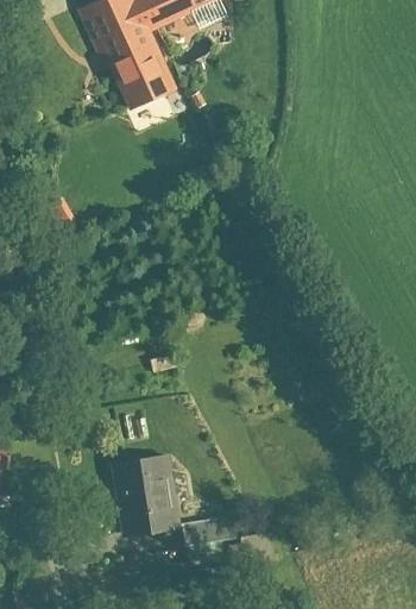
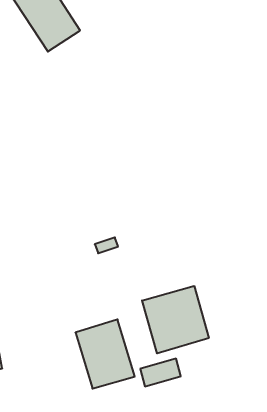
building: none -> [142,286,209,353]

